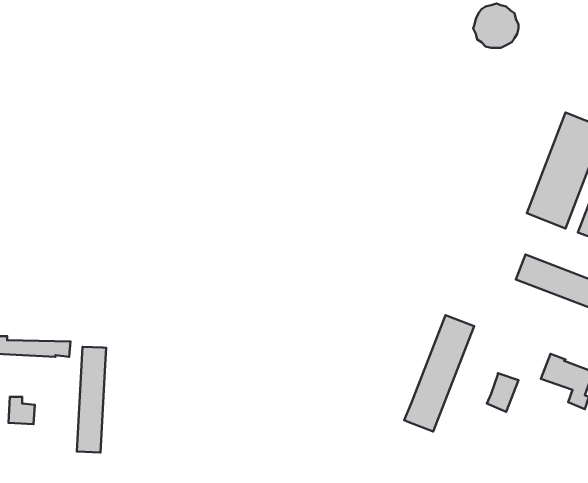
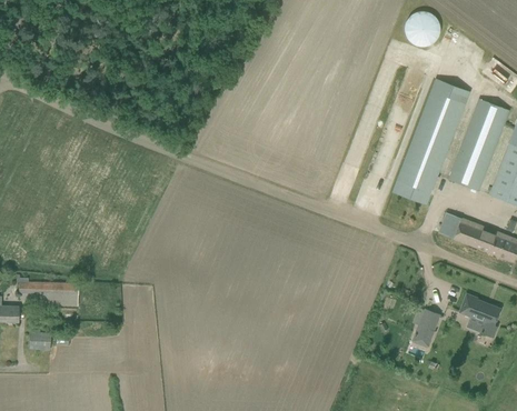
building: none -> [391,79,468,206]
building: [404,315,474,431] -> none
building: [77,347,106,453] -> none

